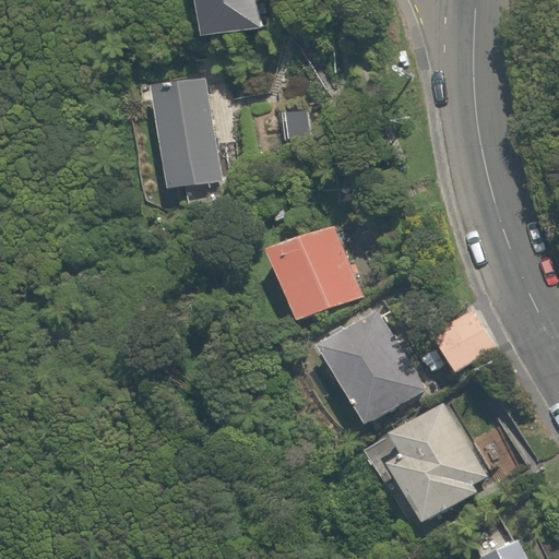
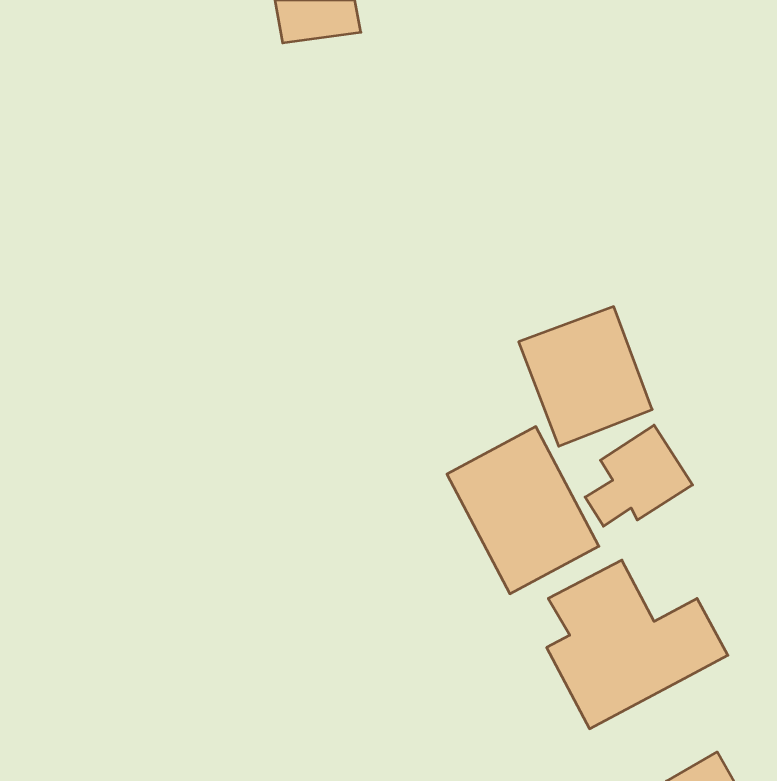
building: [139,80,231,192] -> none
building: [266,223,361,322] -> [519,307,652,446]

